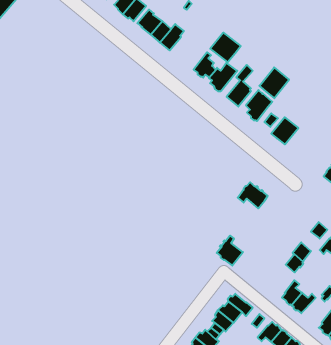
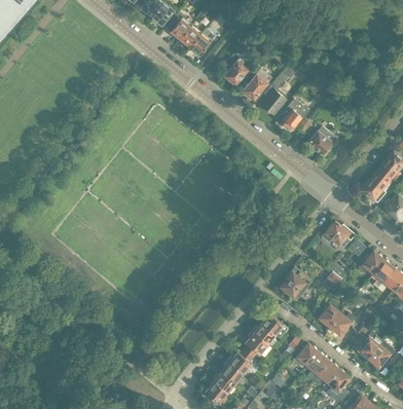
building: [210,33,241,62] -> none
building: [259,67,289,98] -> none
building: [238,182,268,208] -> [322,220,354,248]
building: [217,236,243,266] -> [281,267,308,299]

